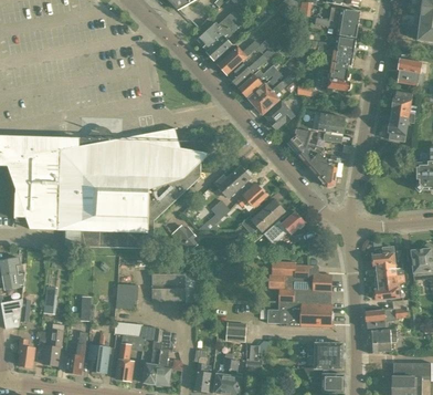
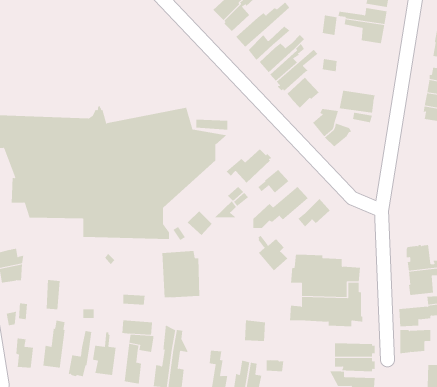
building: [320,66,350,90] -> none
building: [307,150,337,186] -> none
building: none -> [257,235,288,271]

